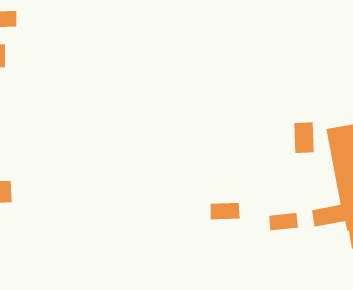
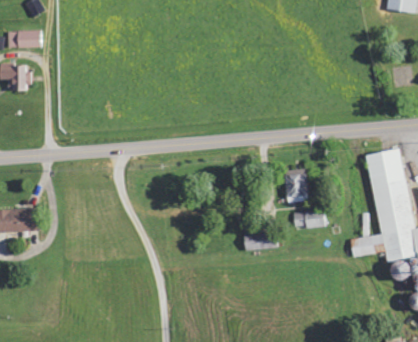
building: [293,122,314,153] -> [286,169,308,202]
building: [268,213,299,231] -> [294,209,326,228]

